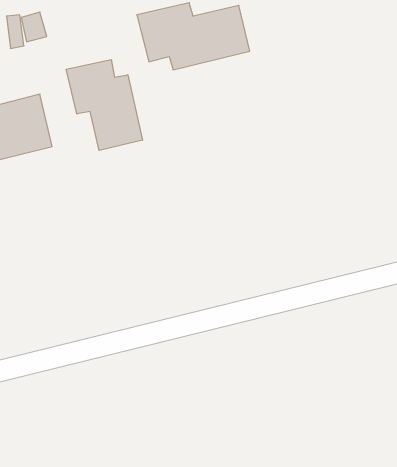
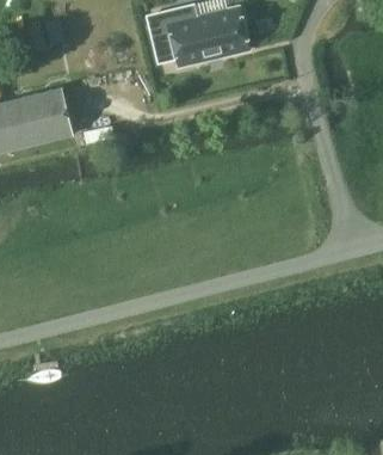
building: [66,60,142,150] -> none

